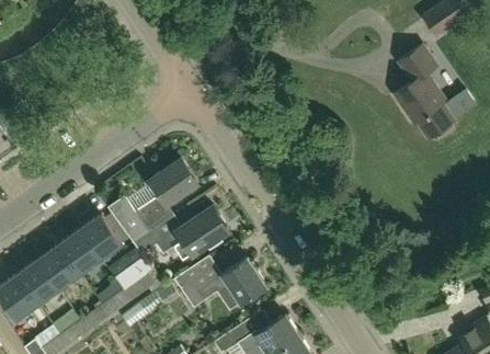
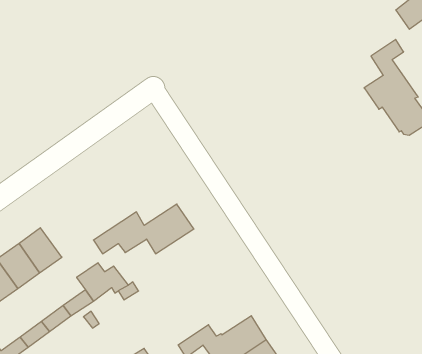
building: [109,159,197,242] -> none
building: [80,214,123,259] -> none
building: [175,256,266,307] -> none

